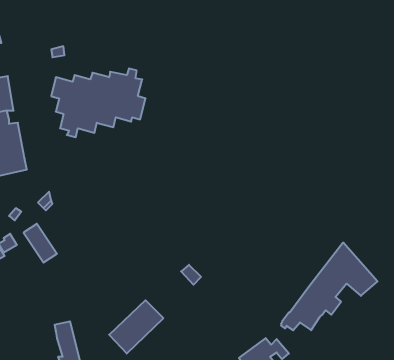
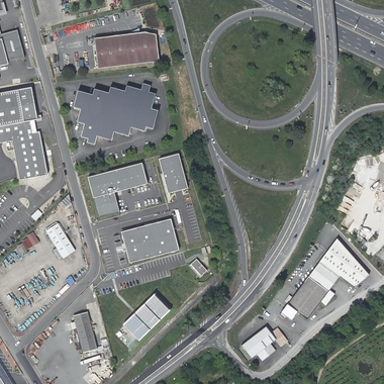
building: none -> [93,31,157,68]
building: none -> [160,153,188,193]
building: none -> [89,163,149,217]
building: none -> [121,218,180,264]

